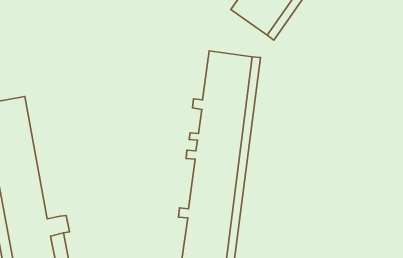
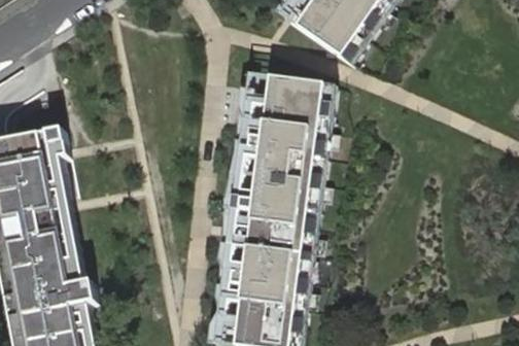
building: none -> [36,127,80,283]

